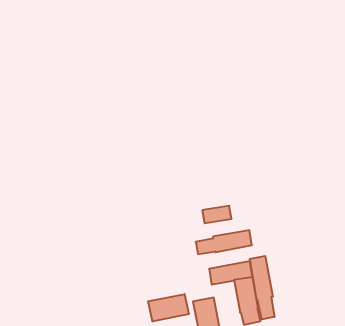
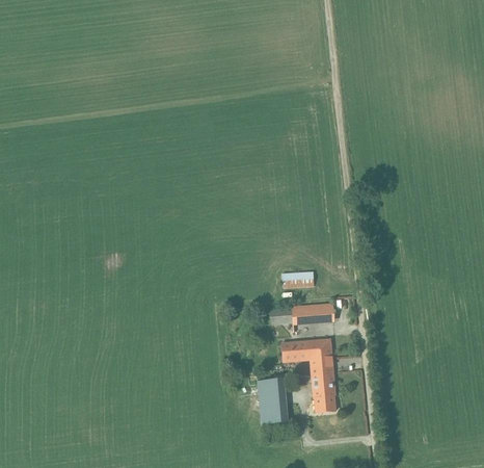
building: [250,256,274,319] -> none
building: [148,294,189,321] -> none

